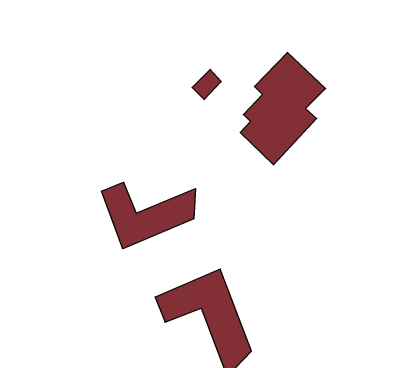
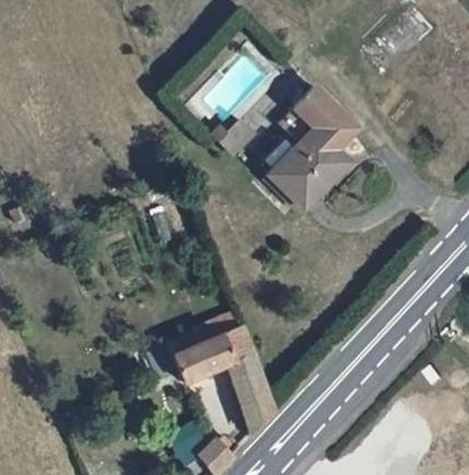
building: [102,182,195,249] -> none

